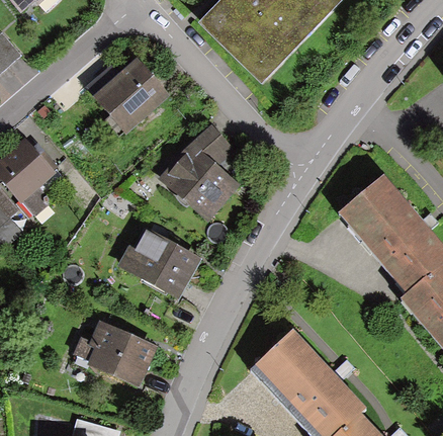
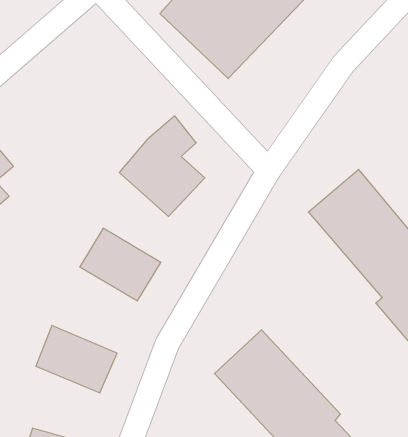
building: [91,56,170,135] -> none

